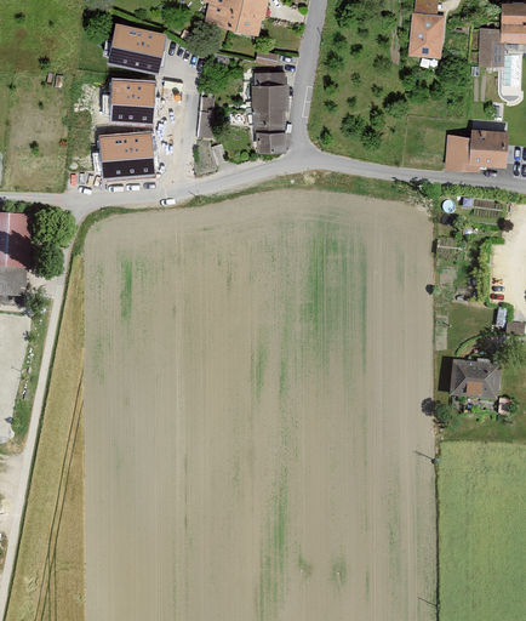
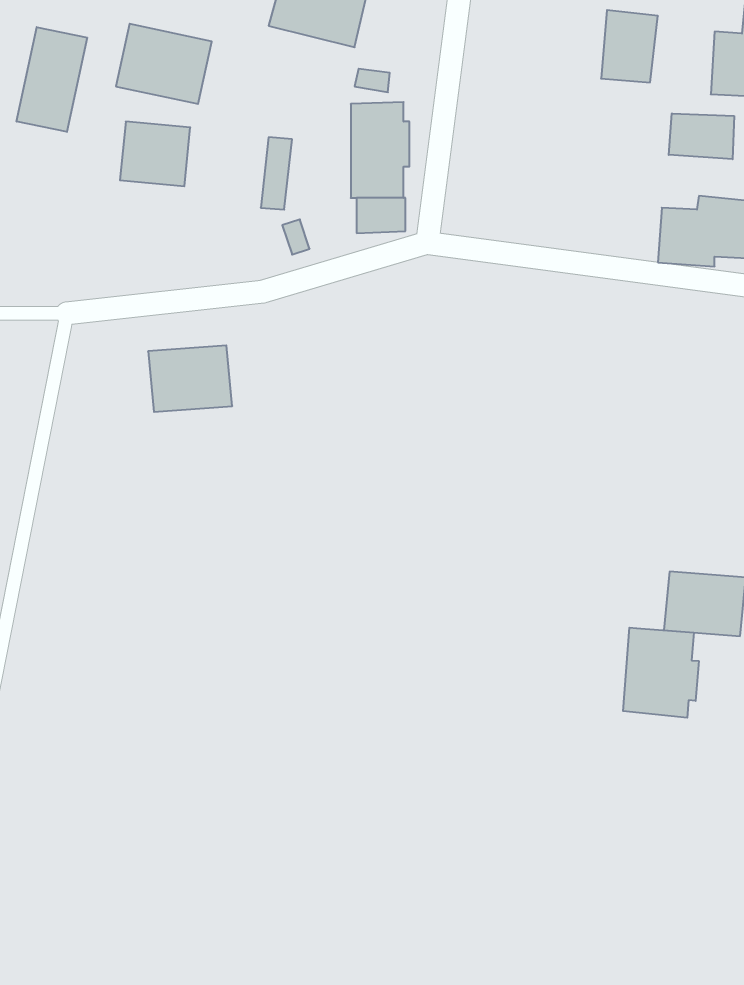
building: none -> [17,27,87,132]
building: none -> [669,113,734,159]
building: [102,135,154,176] -> [148,345,232,412]
building: none -> [623,628,699,718]

